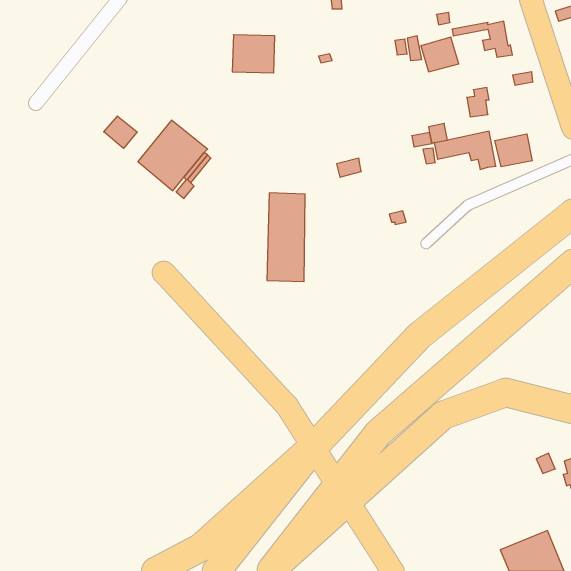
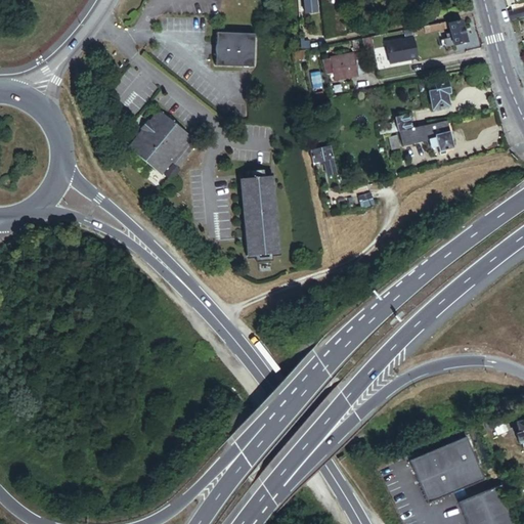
building: none -> [322,50,365,80]
building: [104,116,137,148] -> none
building: [495,134,532,167] -> none
building: none -> [412,441,485,503]

